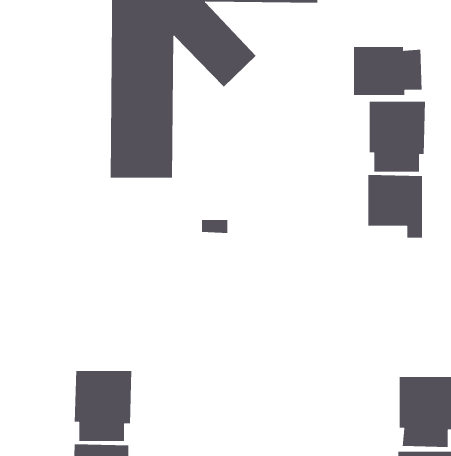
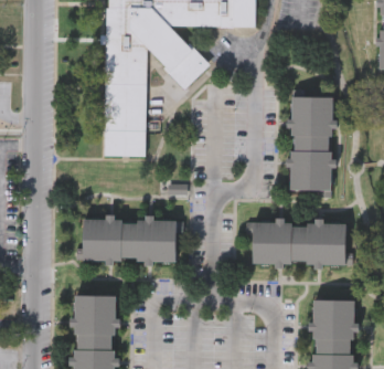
building: [353,46,423,96] -> none
building: none -> [83,220,177,263]
building: none -> [253,223,346,265]

